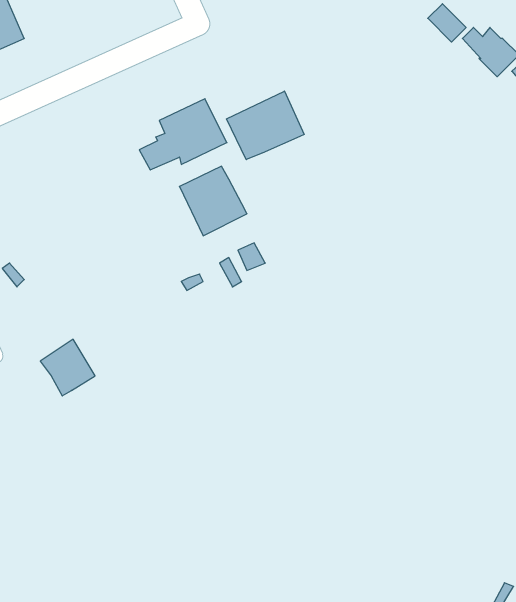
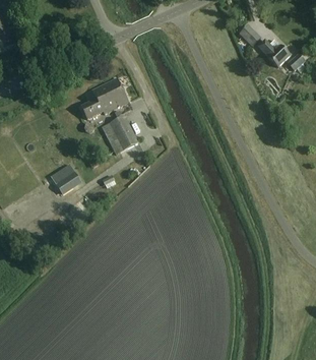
building: [226,91,304,160] -> none
building: [40,339,95,396] -> [51,162,81,193]

